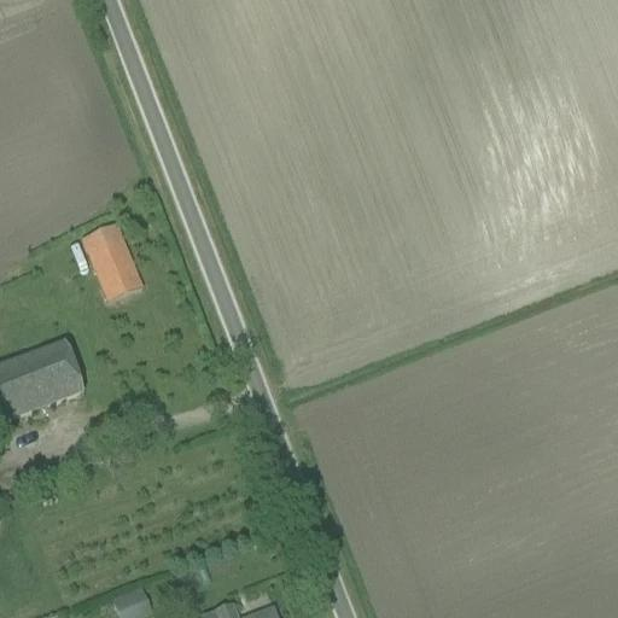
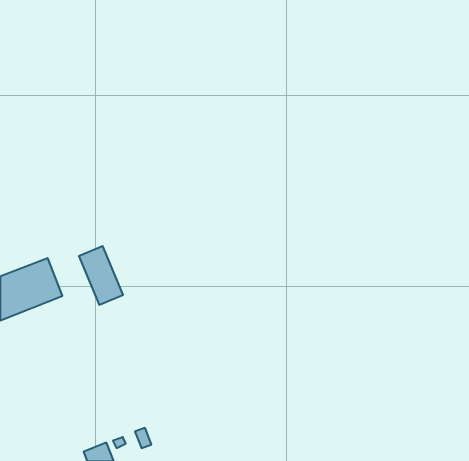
building: [82,221,140,298] -> [79,246,123,305]

